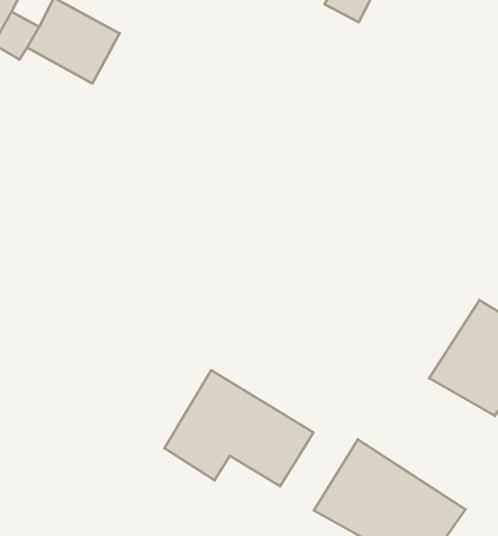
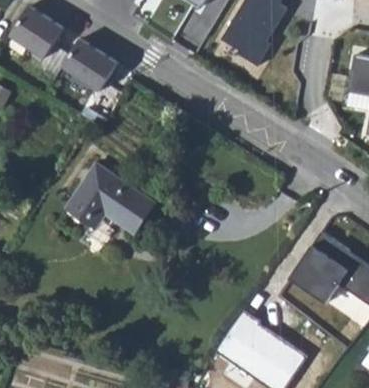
building: [164,370,313,486] -> [65,164,155,236]

